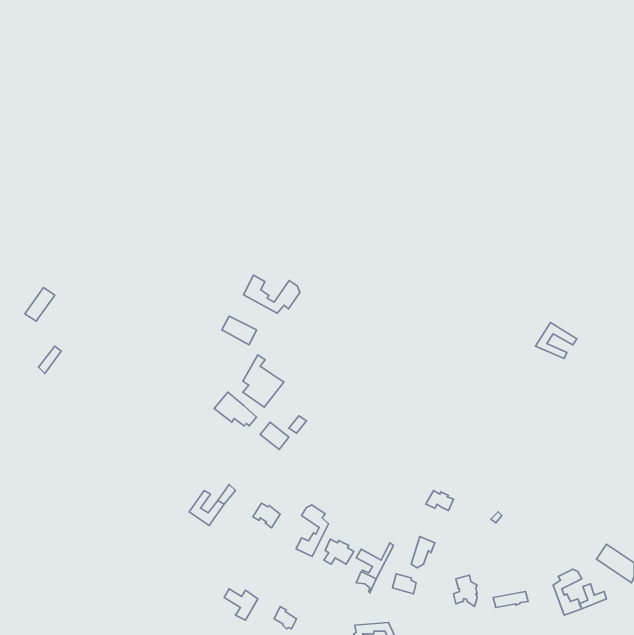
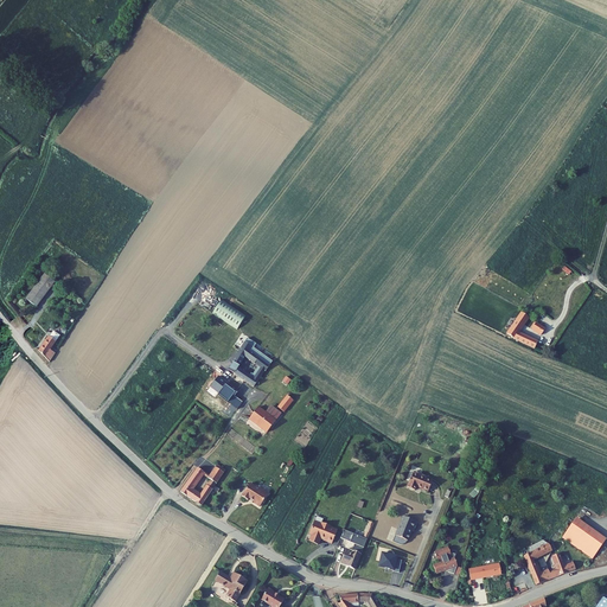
building: [243,275,300,313] -> none
building: [296,505,329,556] -> none

